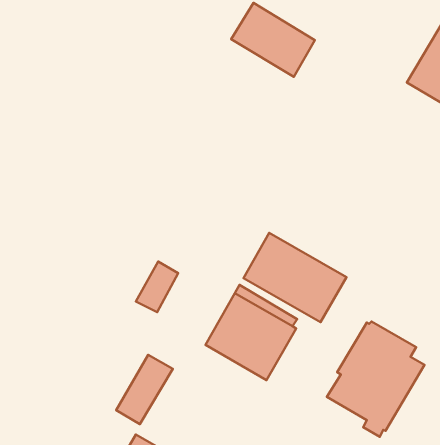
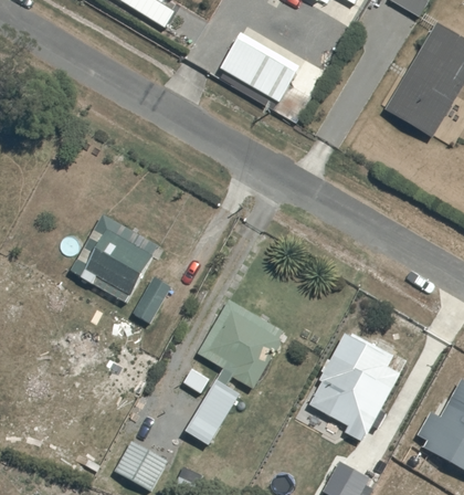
building: none -> [70,213,157,302]
building: [243,233,346,322] -> none
building: [116,355,173,424] -> [186,379,239,444]

